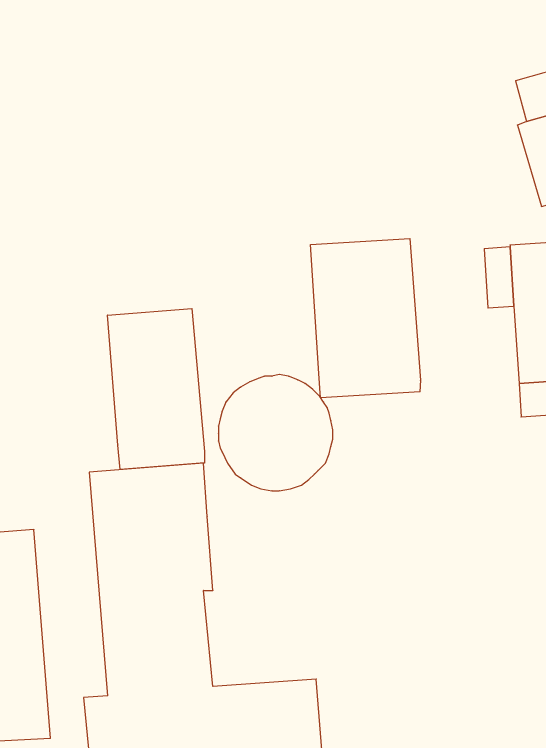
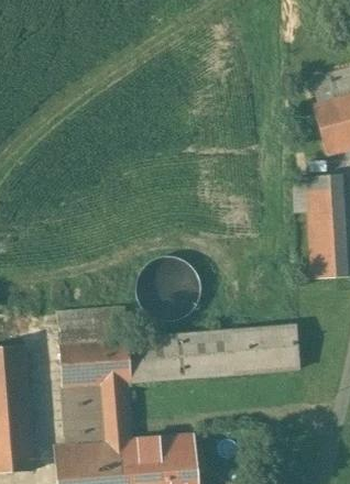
building: [311,239,420,398] -> none
building: [108,309,205,469] -> none
building: none -> [128,324,300,383]

